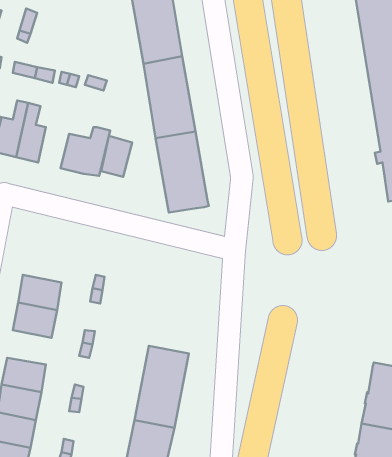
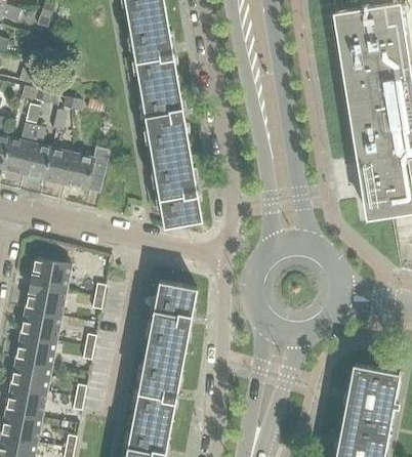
building: [101,136,132,177] -> [43,148,72,185]
building: none -> [29,253,70,291]
building: none -> [146,281,196,357]
building: none -> [14,335,55,367]

